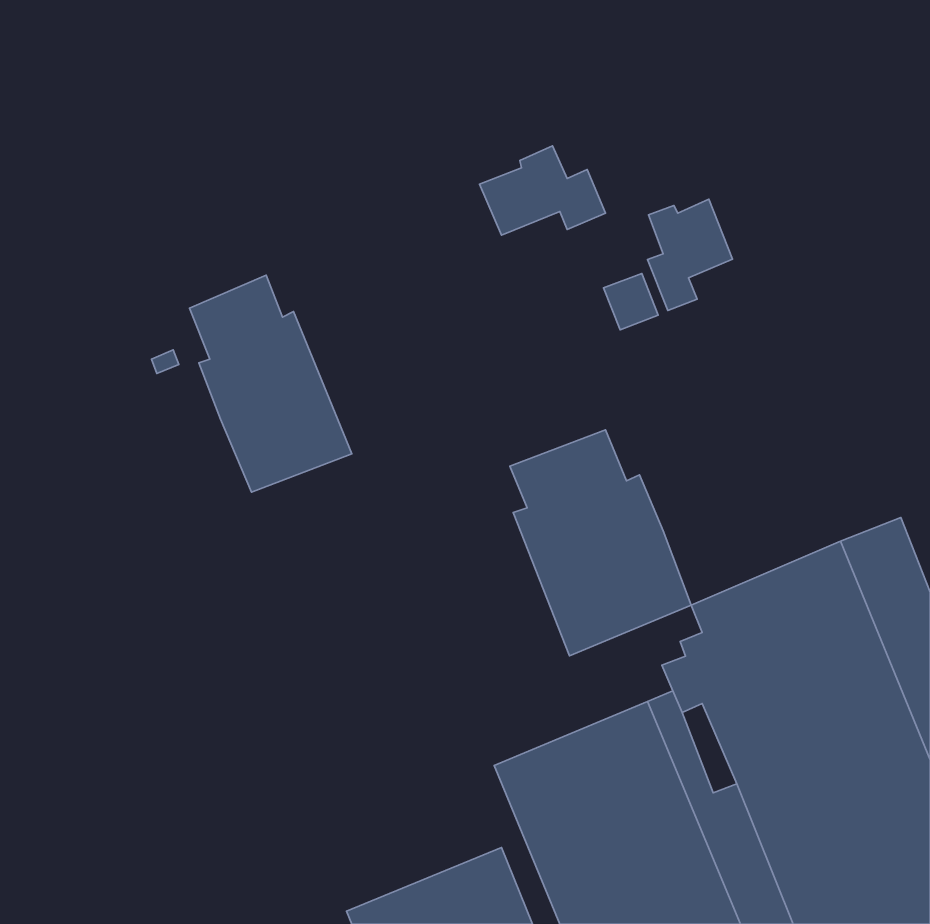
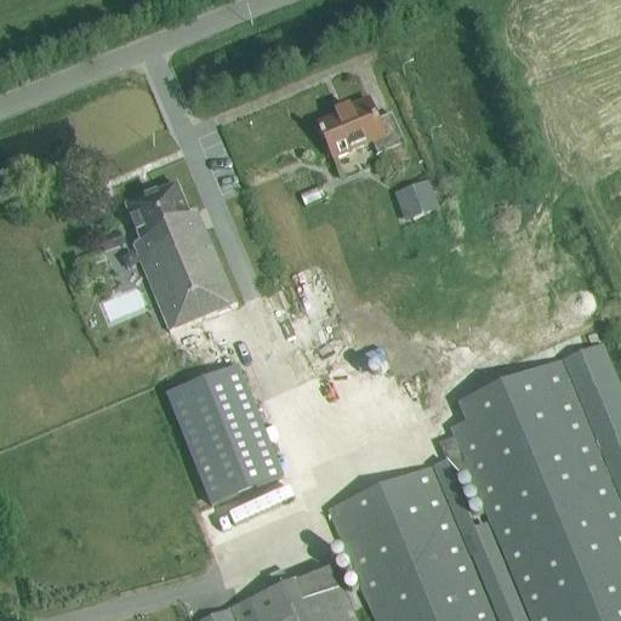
building: [648,199,732,310] -> none
building: [510,430,691,656] -> none
building: none -> [166,366,284,508]

